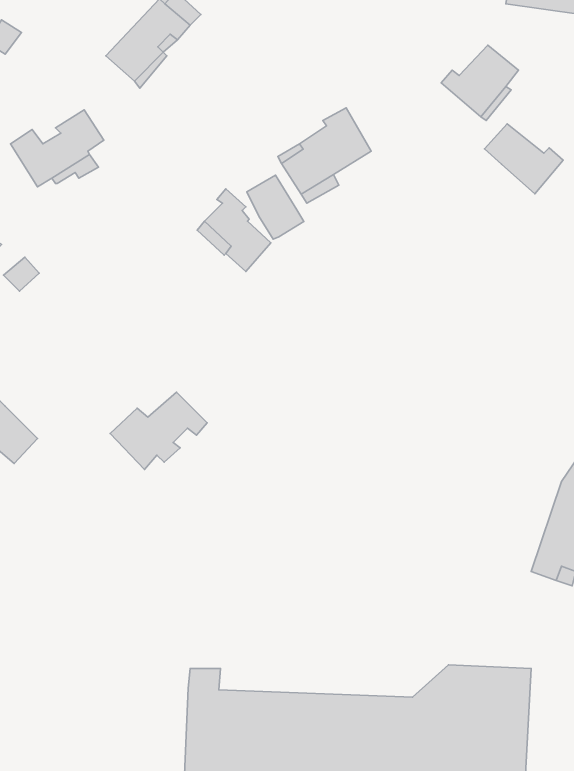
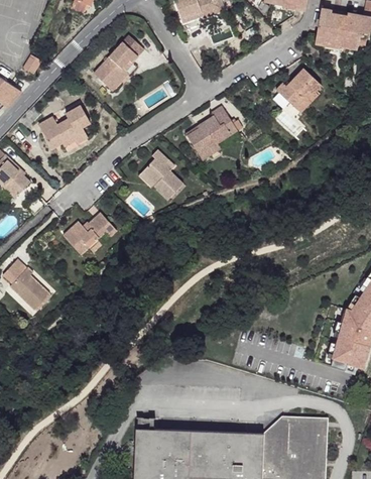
building: [485,124,563,194] -> none
building: [247,175,304,239] -> none
building: [110,392,207,469] -> [64,212,118,255]

